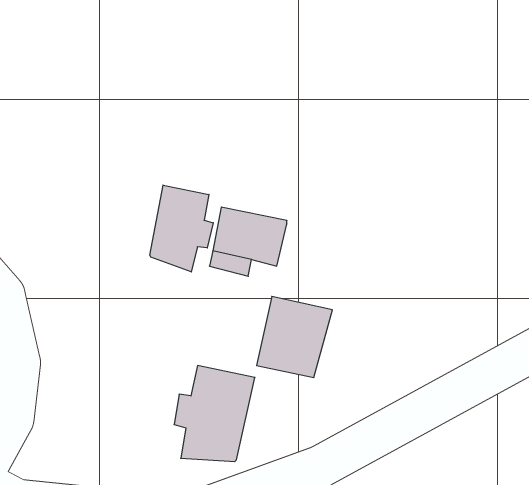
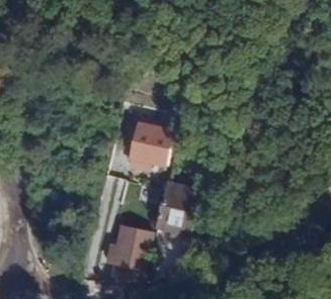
building: [150,185,213,272] -> none

